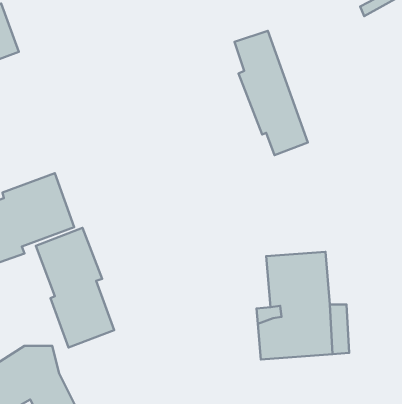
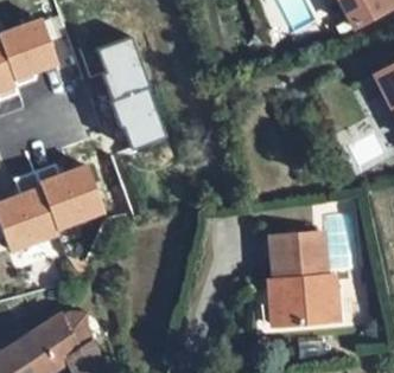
building: [235,31,308,155] -> [97,41,160,148]
building: [36,228,114,347] -> none

